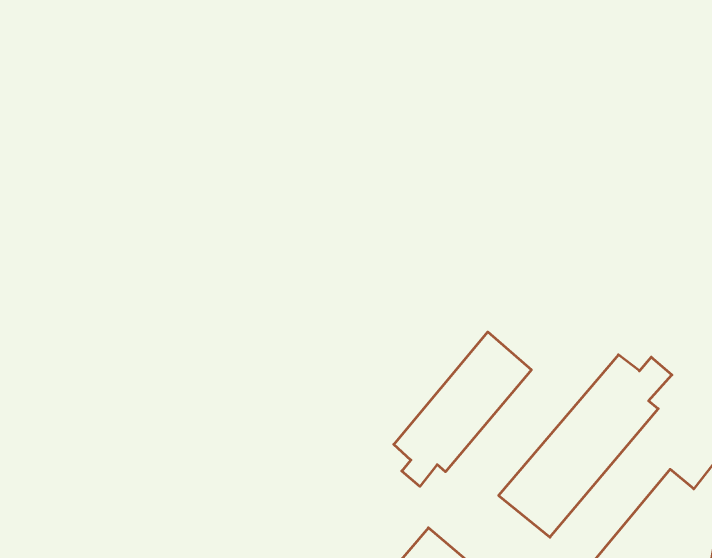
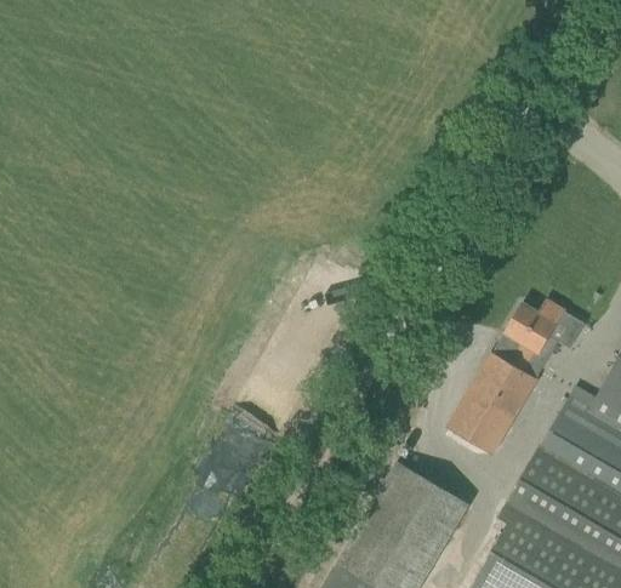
building: [394,332,531,486] -> none

